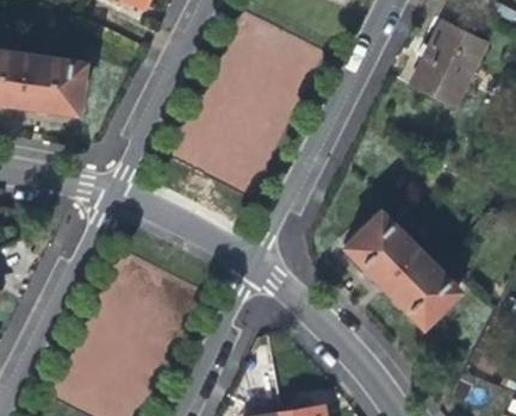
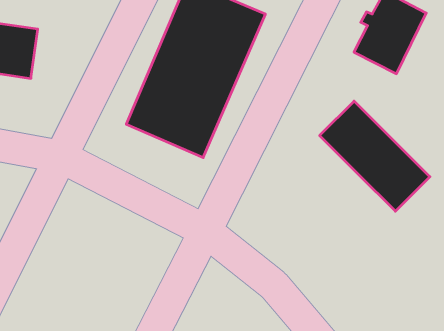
building: [344,211,459,325] -> [320,101,430,211]

